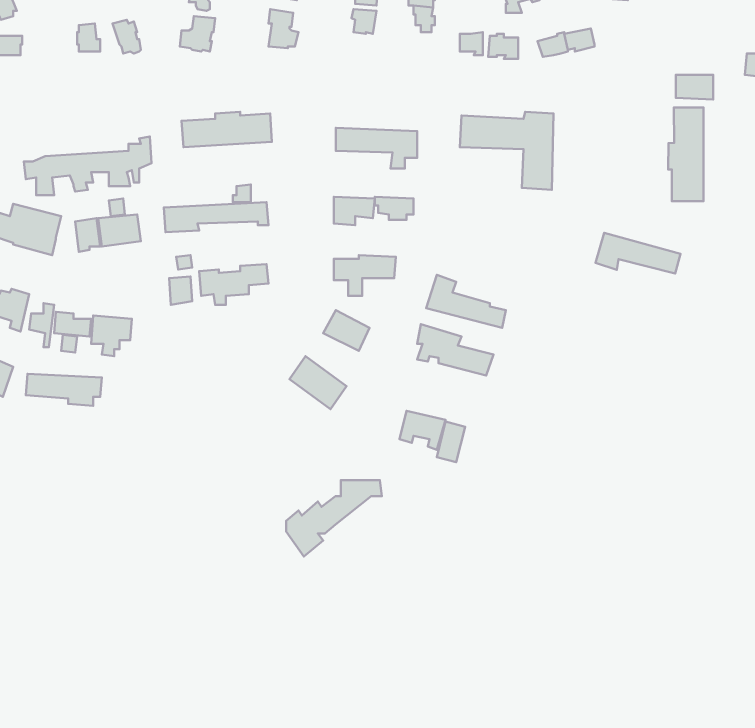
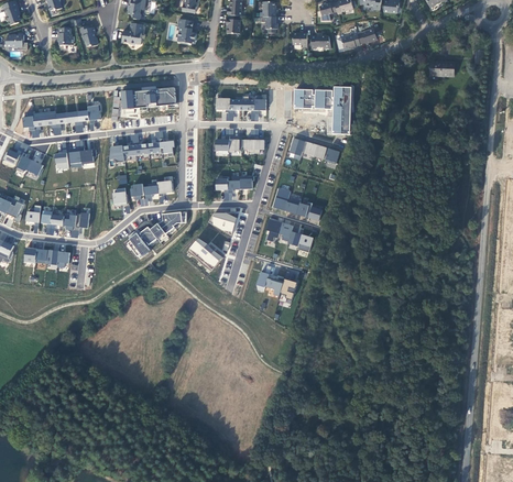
building: [668,107,703,201] -> none
building: [595,233,680,273] -> [288,135,341,161]
building: [286,480,382,556] -> [129,210,188,258]

